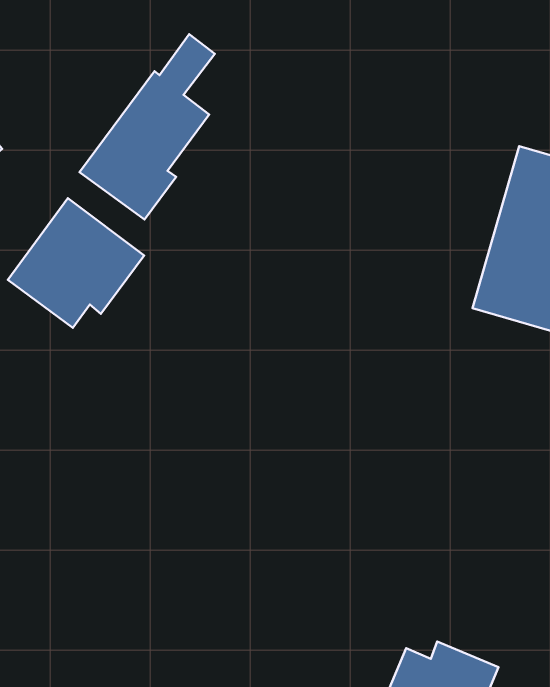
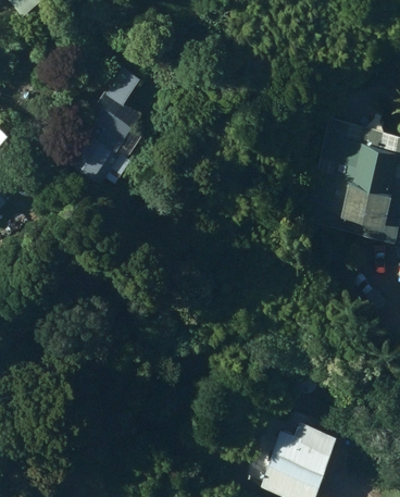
building: [8,198,144,328] -> none

